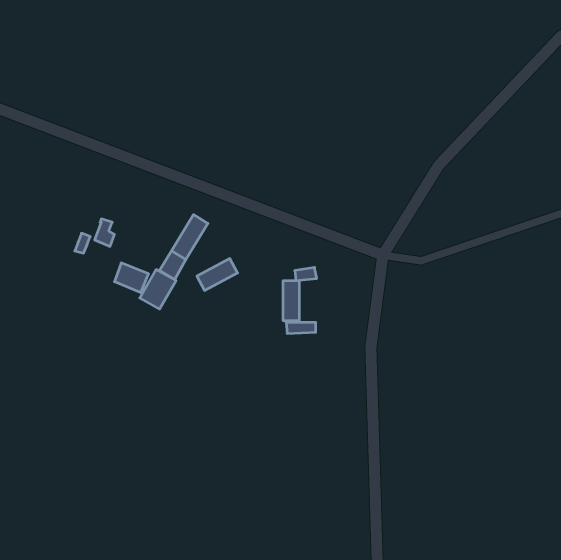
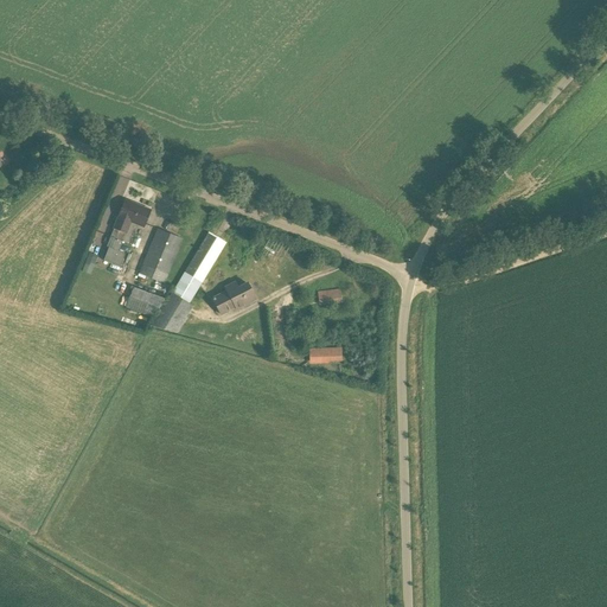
building: none -> [109,200,149,243]
building: none -> [139,228,181,282]
building: [283,281,299,321] -> none

